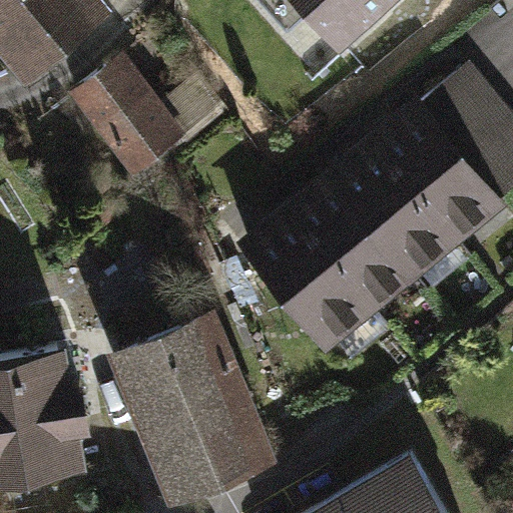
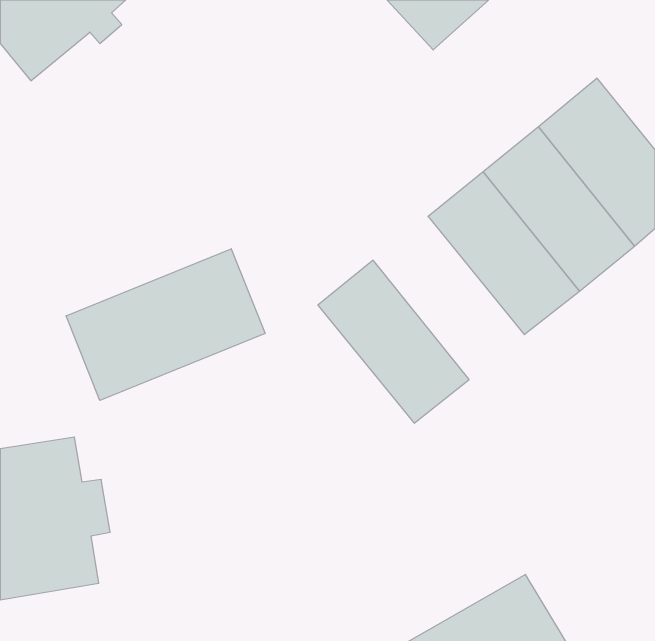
building: [75,63,179,174] -> none
building: [292,180,410,308] -> none
building: none -> [66,249,265,400]
building: [124,326,260,492] -> none

